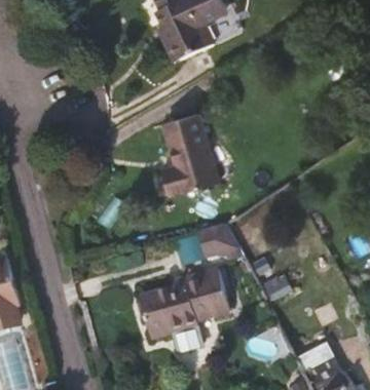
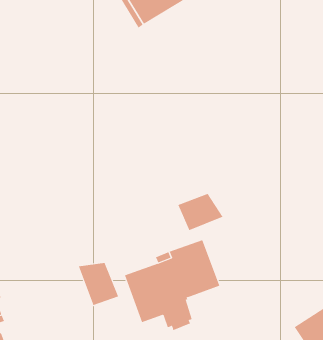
building: [159,113,216,197] -> none
building: none -> [78,262,119,306]

